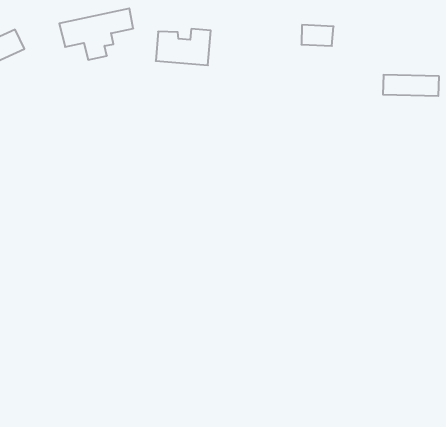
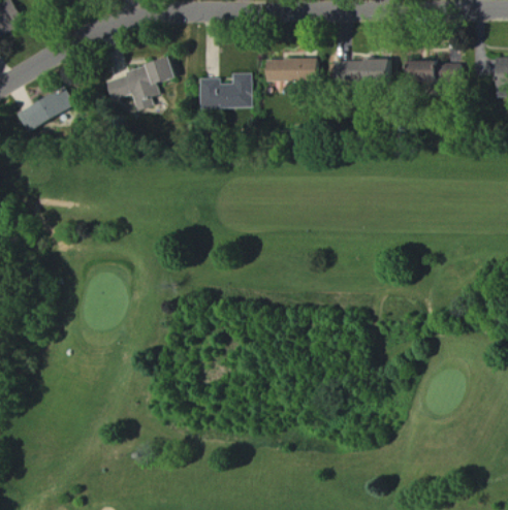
building: none -> [266,58,318,81]
building: none -> [368,58,392,79]
building: [383,75,439,96] -> [407,60,461,82]

